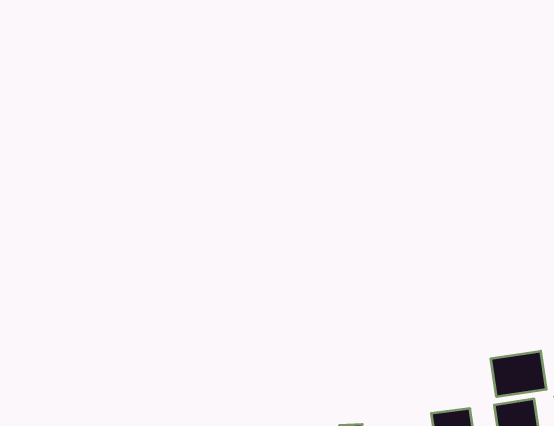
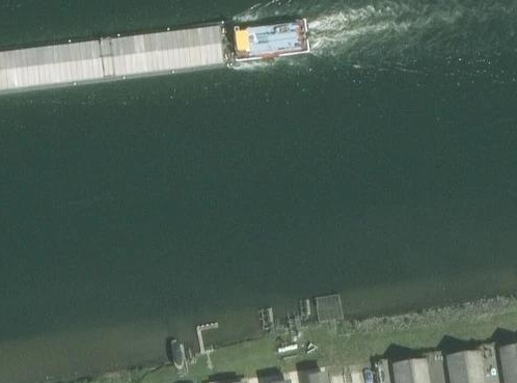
building: [491,351,546,397] -> none

